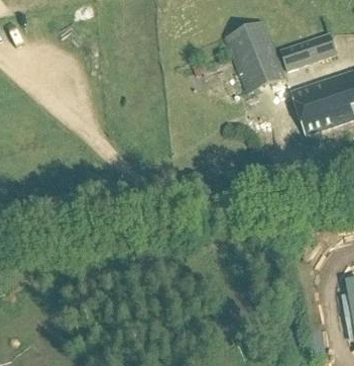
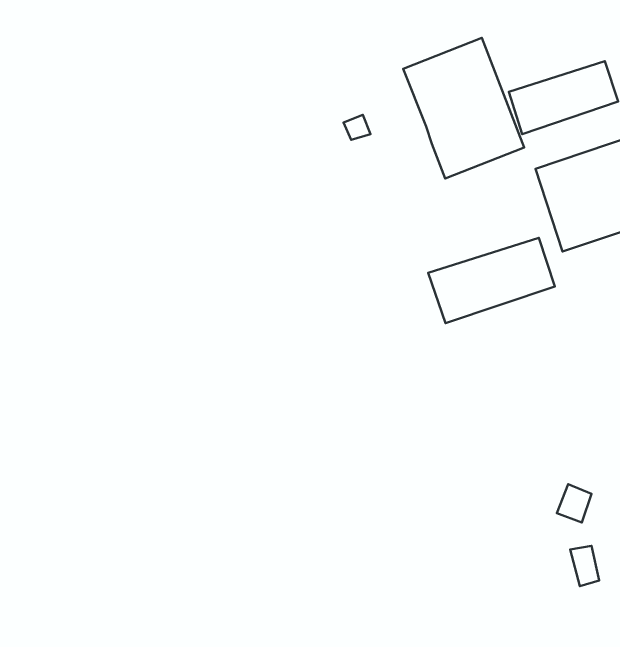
building: none -> [428,238,555,323]

